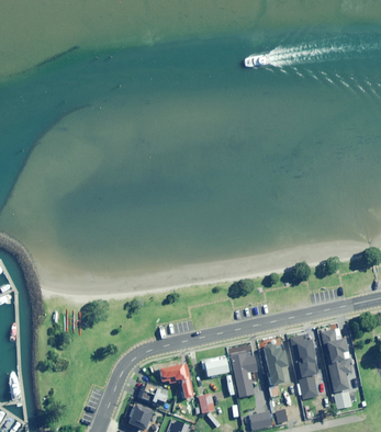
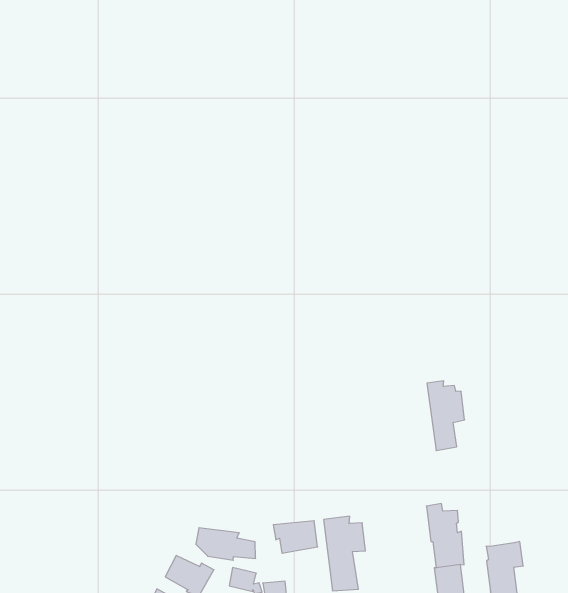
building: [323,328,347,362] -> none
building: [265,343,289,385] -> [427,381,465,451]

